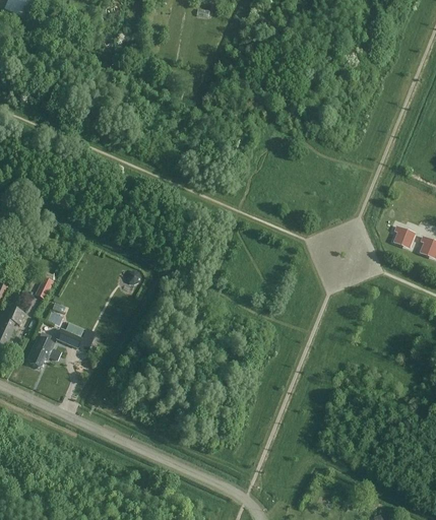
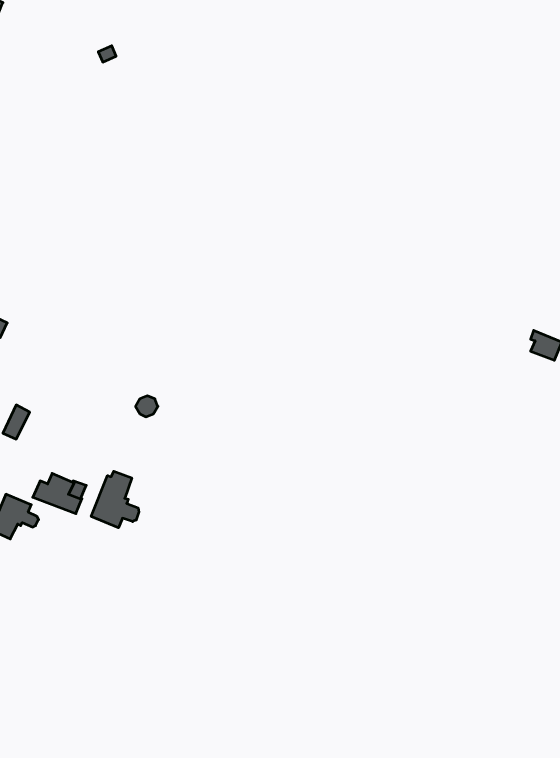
building: none -> [91,471,139,528]

